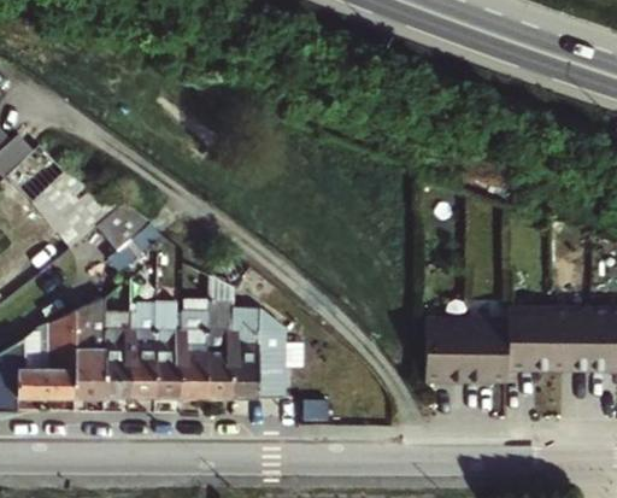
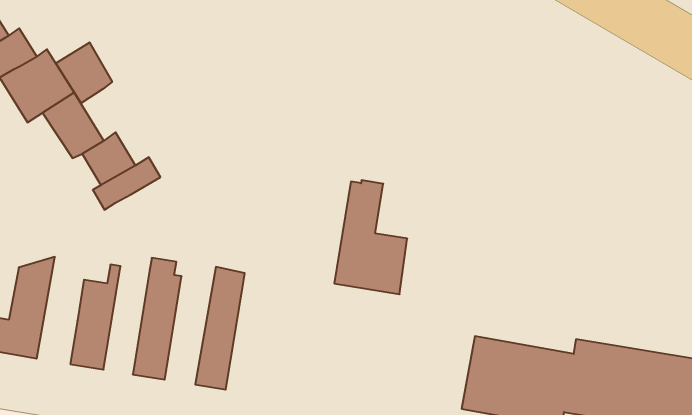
building: none -> [56,42,112,103]
building: [183,299,211,397] -> none
building: [78,304,106,397] -> none
building: [235,310,289,397] -> [334,180,407,294]
building: [134,311,158,397] -> none

